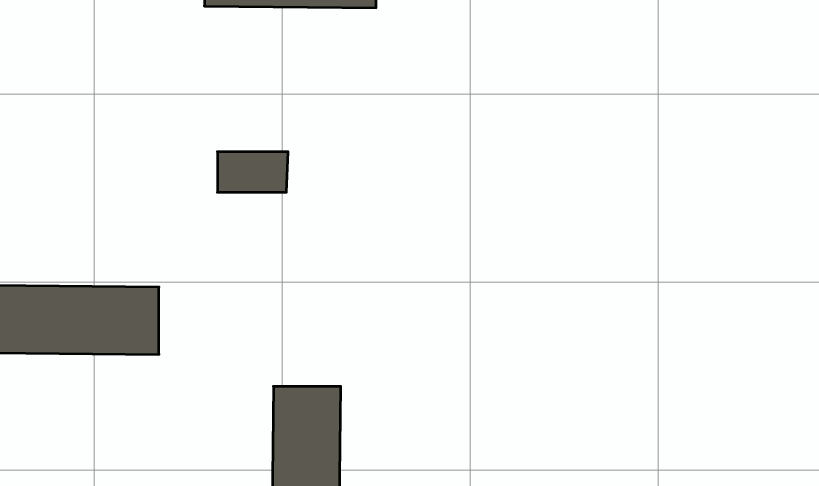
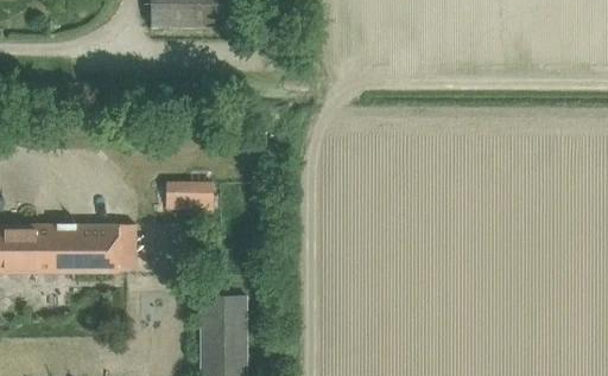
building: [217,152,288,192] -> [166,183,216,211]

